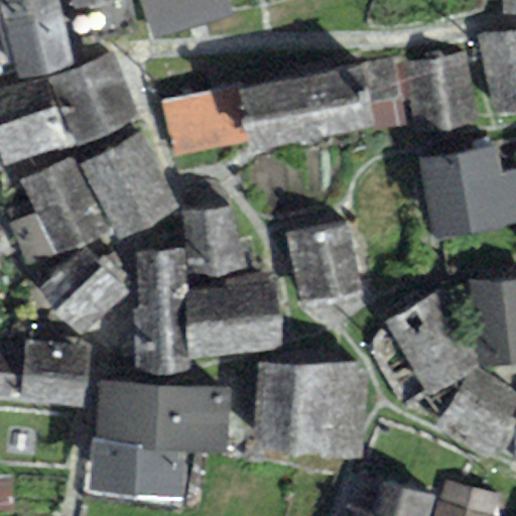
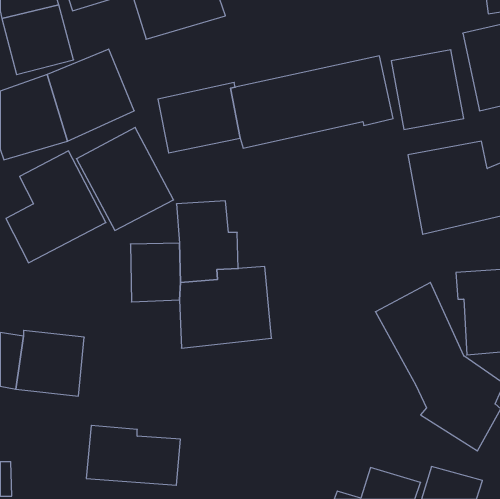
building: [286,220,361,301] -> none
building: [38,246,130,338] -> none
building: [136,308,187,372] -> none
building: [255,359,365,457] -> none
building: [95,379,232,454] -> none

